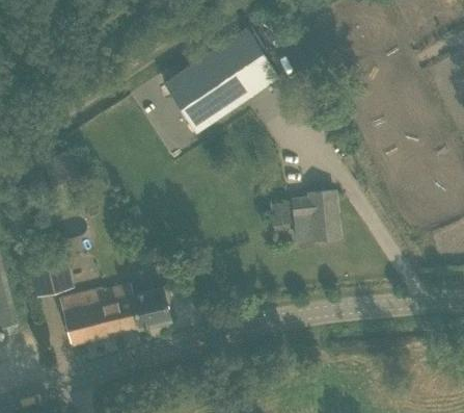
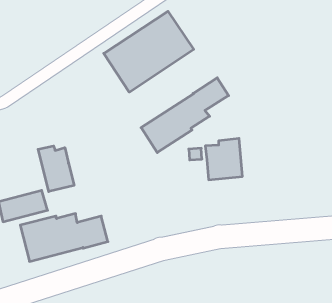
building: none -> [141,78,229,153]
building: none -> [38,146,74,192]

